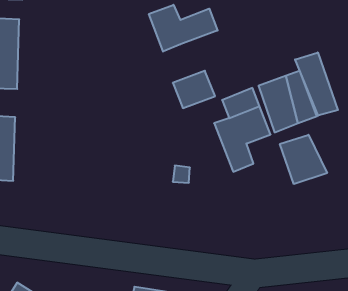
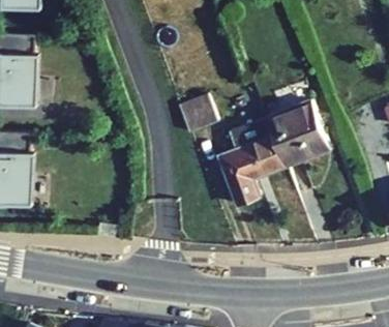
building: [149,5,218,52] -> none
building: [295,52,338,116] -> none
building: [280,135,327,184] -> none

